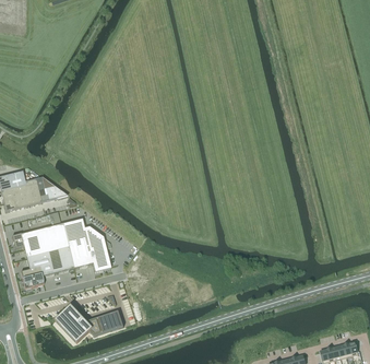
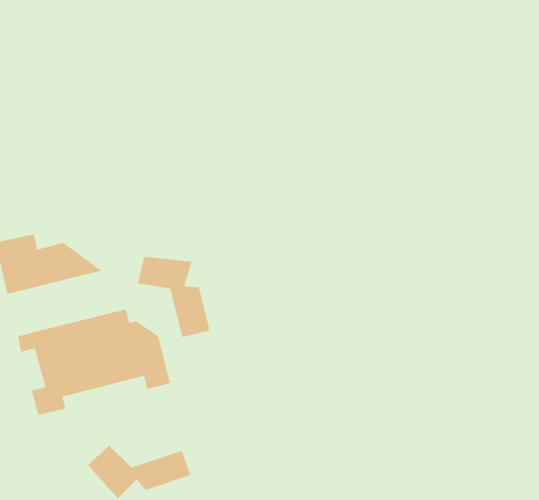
building: none -> [137,256,210,338]

